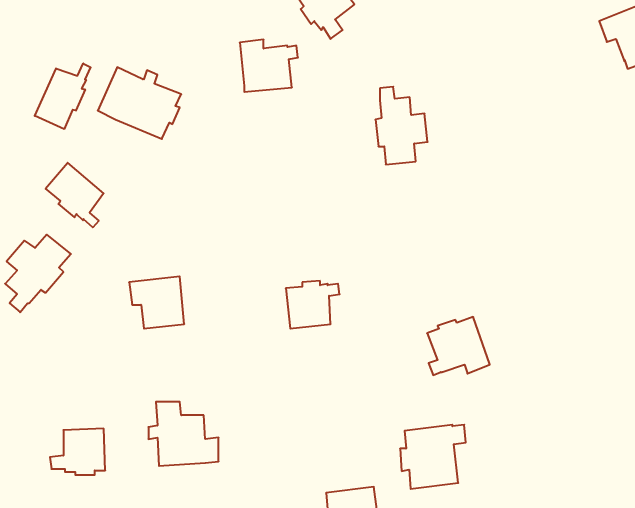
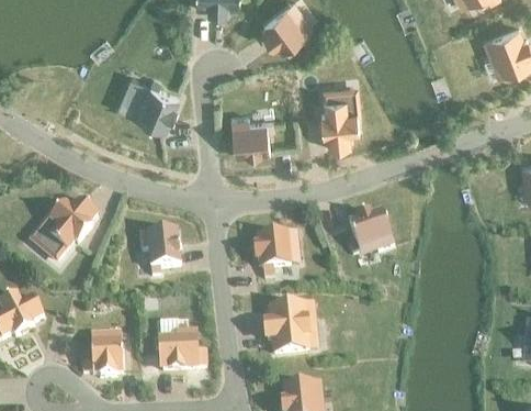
building: [240,40,298,92] -> [230,113,273,152]
building: [35,63,91,129] -> none
building: [46,163,104,227] -> none
building: [427,317,490,375] -> [348,207,394,249]
building: [400,425,466,489] -> [266,302,314,349]

